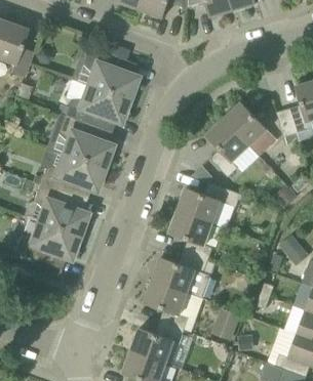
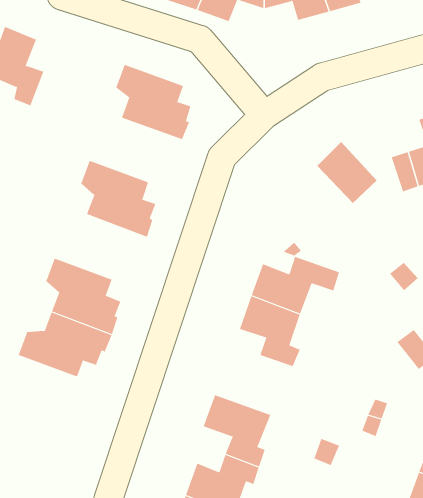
building: [64,85,129,130] -> none
building: [206,119,249,177] -> none
building: [39,153,105,199] -> none
building: [152,252,216,298] -> none

